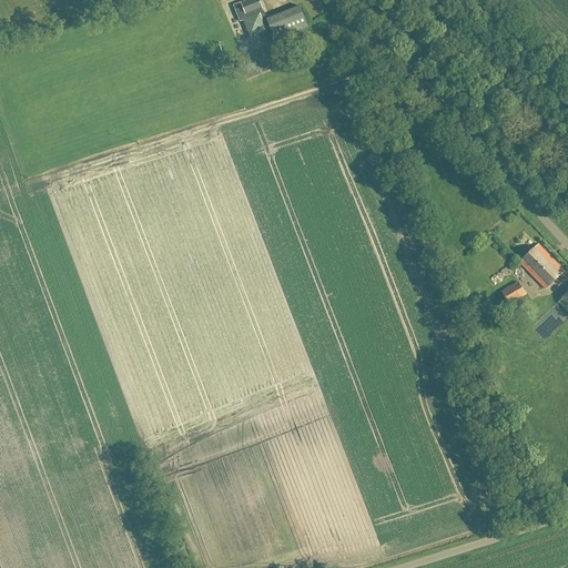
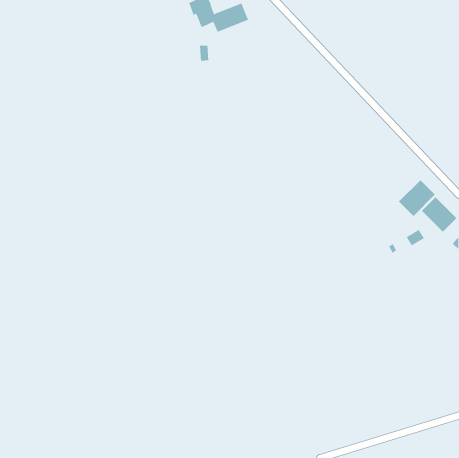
building: none -> [398,179,436,217]

